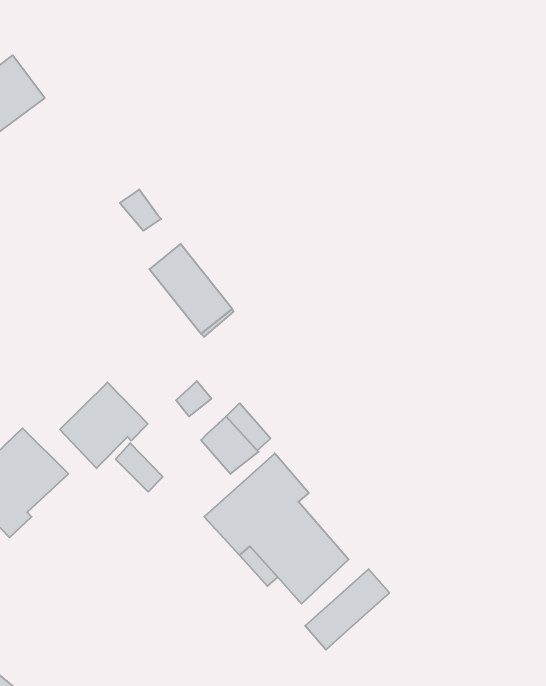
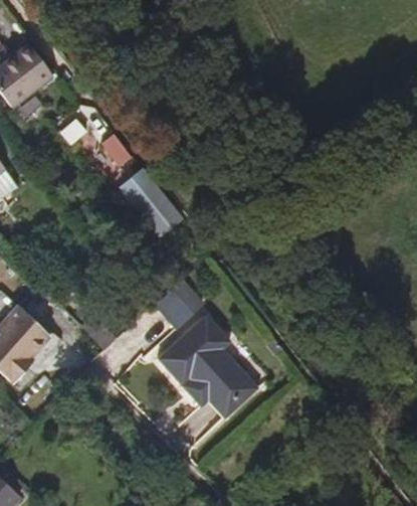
building: [60,382,148,468] -> none
building: [305,569,389,650] -> none

